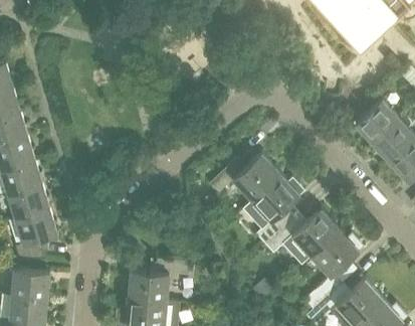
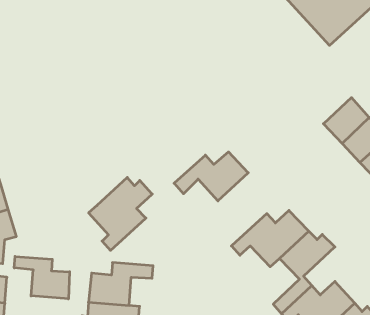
building: [243,174,304,244] -> [89,177,152,250]
building: none -> [14,256,70,299]

